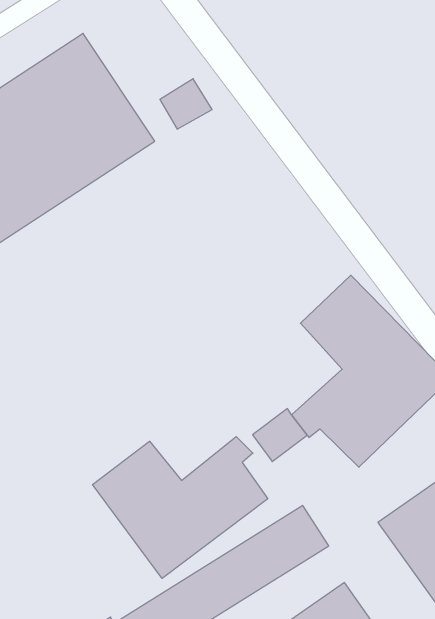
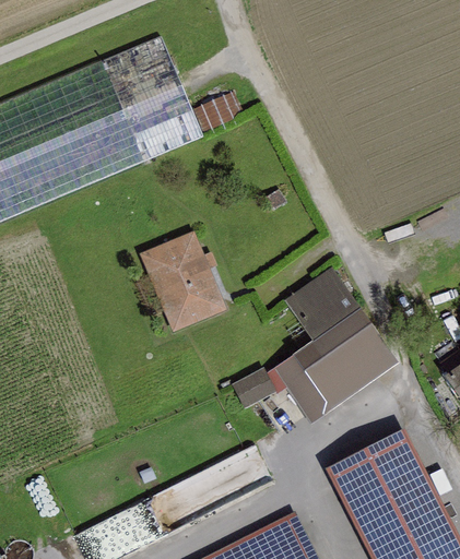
building: none -> [141,230,228,333]
building: [93,437,268,578] -> none

